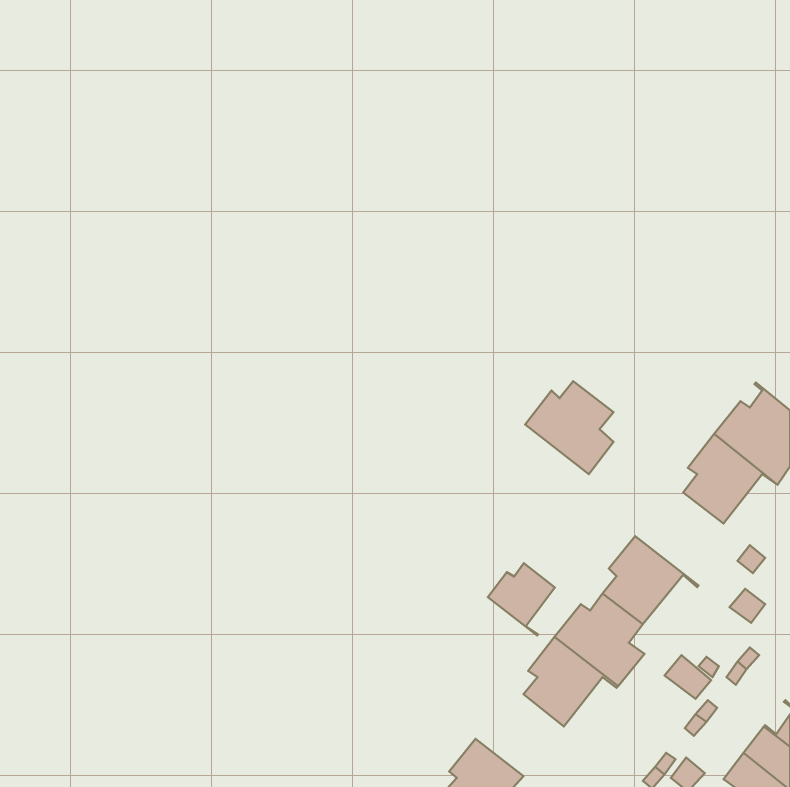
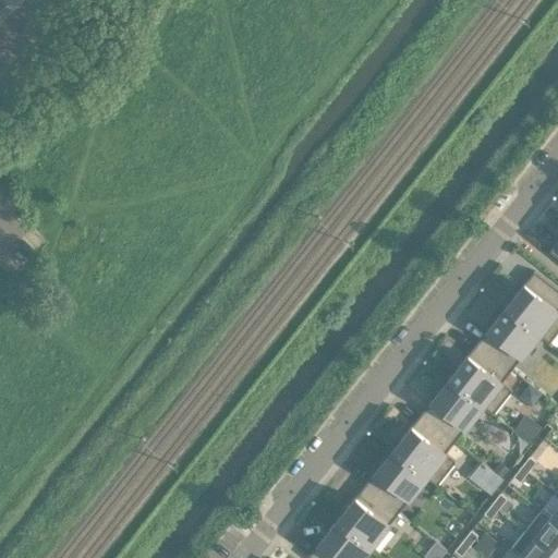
building: [525,381,614,474] -> [447,350,509,415]
building: [488,563,555,636] -> none
building: none -> [335,492,397,549]

